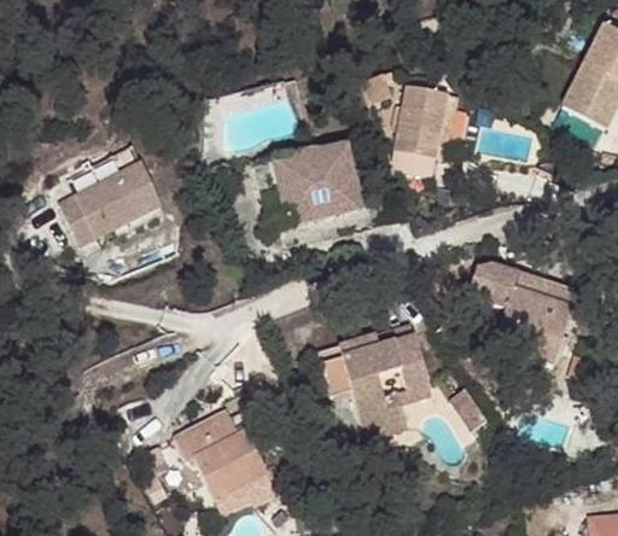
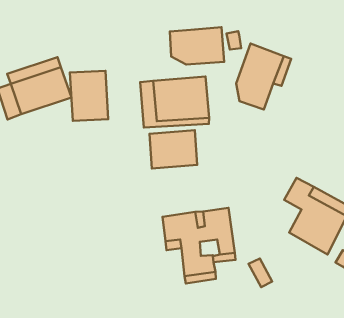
building: none -> [170,27,224,64]
building: none -> [70,71,108,121]
building: none -> [149,130,197,169]
building: [174,409,269,500] -> none

